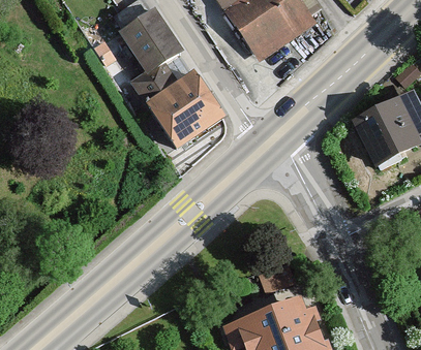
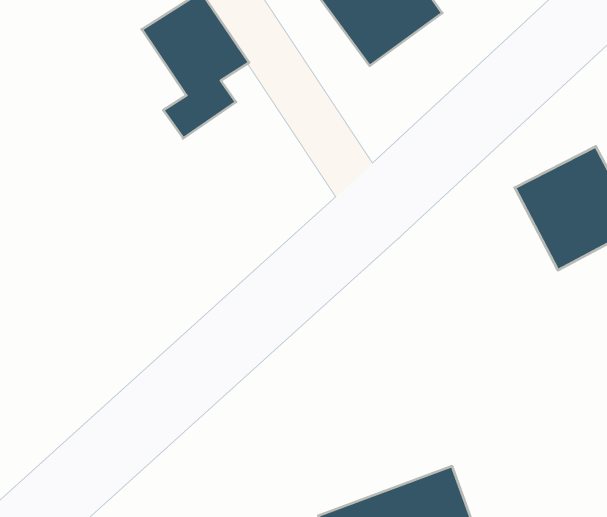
building: [144,78,223,159] -> none

